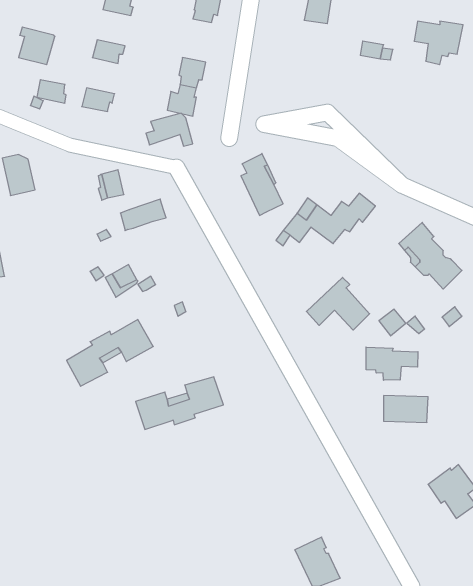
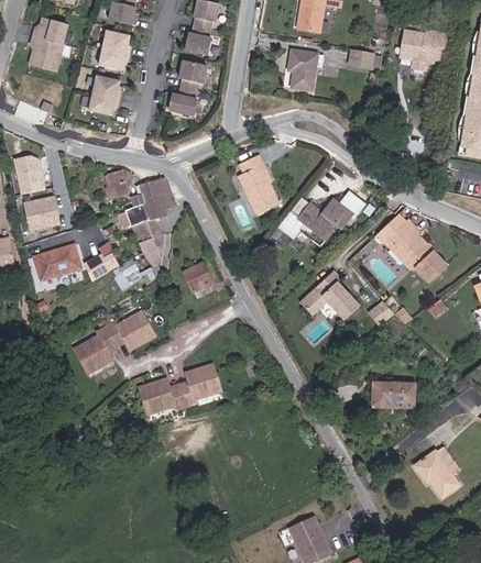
building: none -> [32,18,67,43]
building: none -> [185,27,210,57]
building: none -> [102,30,130,53]
building: none -> [288,51,316,90]
building: [37,80,66,103] -> [92,76,120,98]
building: [146,113,193,146] -> [130,177,174,208]
building: none -> [23,196,59,230]
building: none -> [131,218,163,267]
building: none -> [34,244,80,280]
building: none -> [183,262,211,291]
building: [366,347,418,380] -> none

